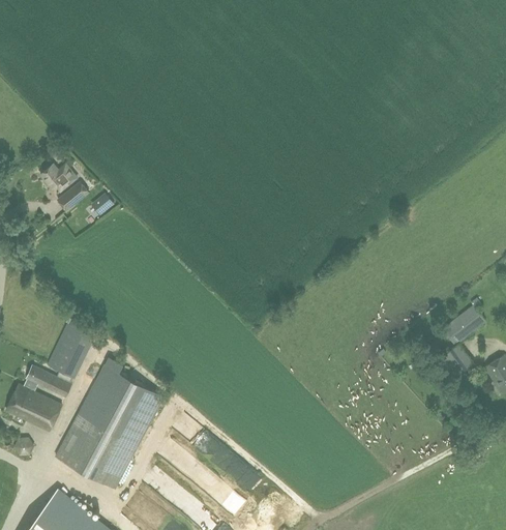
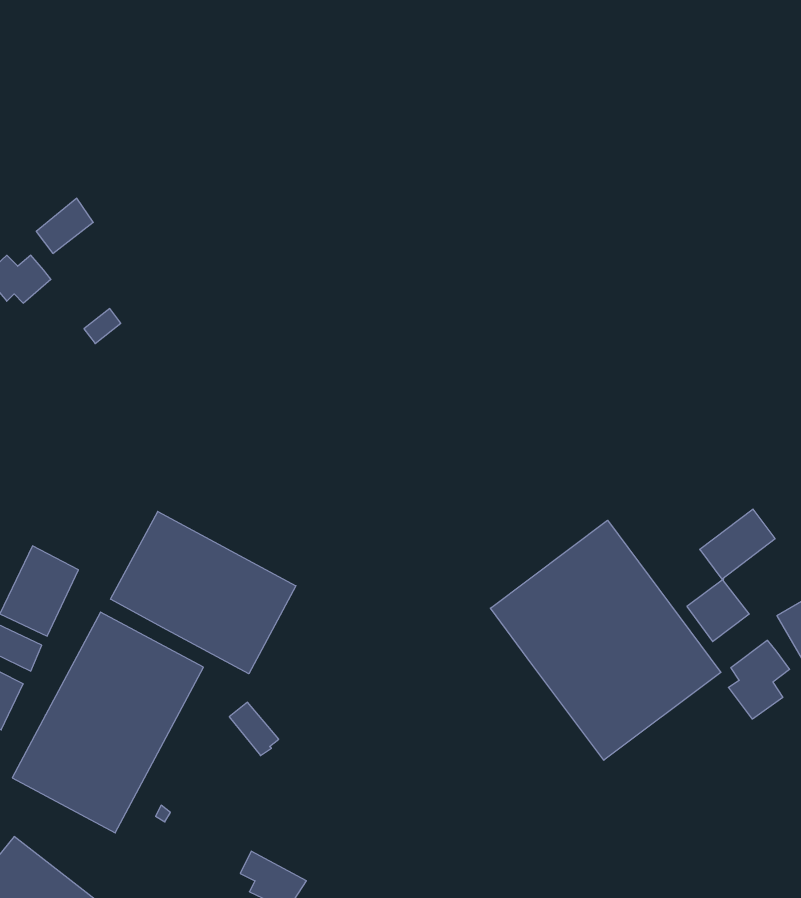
building: [55,179,87,210] -> [36,198,93,253]
building: none -> [111,511,296,674]
building: none -> [490,520,721,760]
building: none -> [728,640,790,719]

